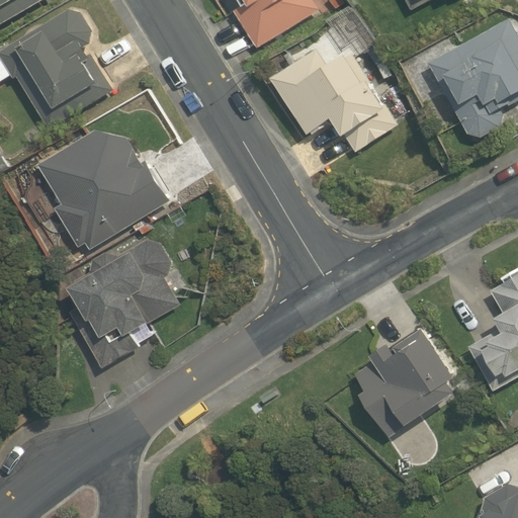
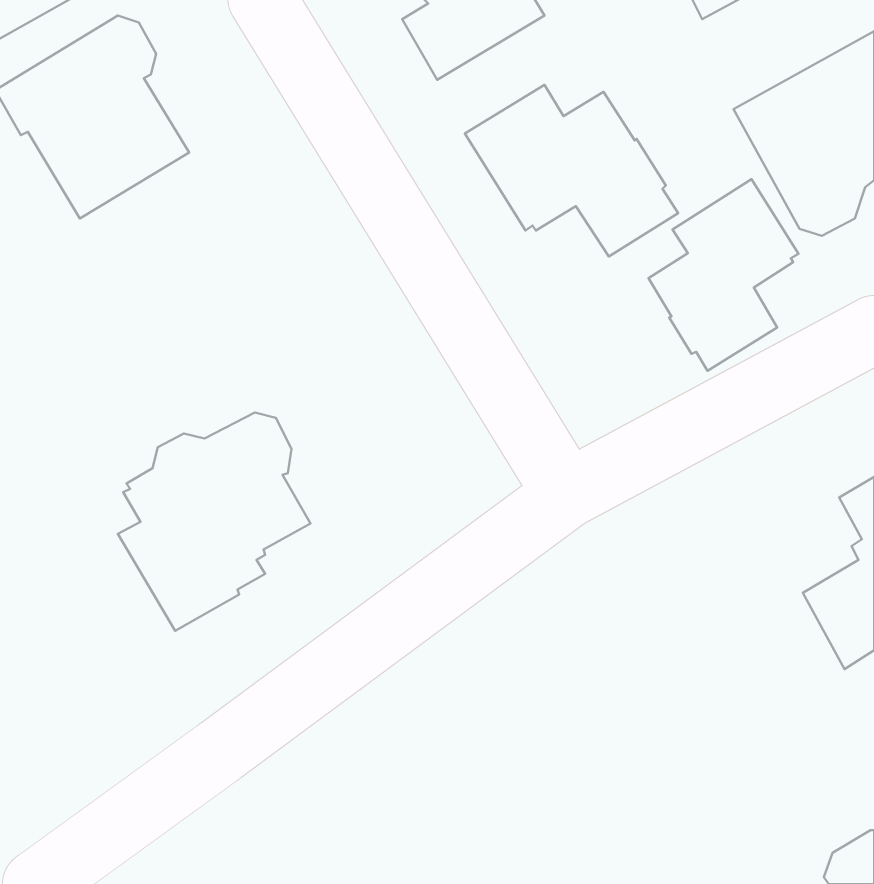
building: none -> [648,179,799,371]
building: [36,131,169,250] -> none
building: [353,328,460,438] -> none

